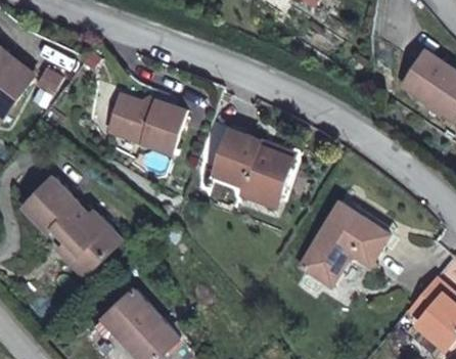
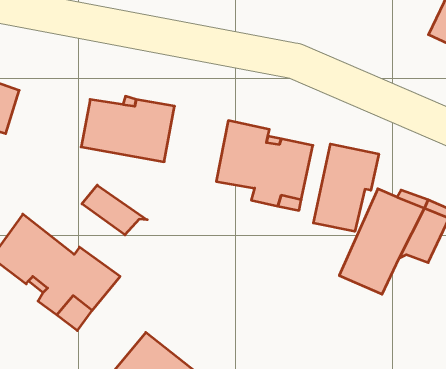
building: none -> [313,144,379,231]
building: none -> [82,185,147,235]

